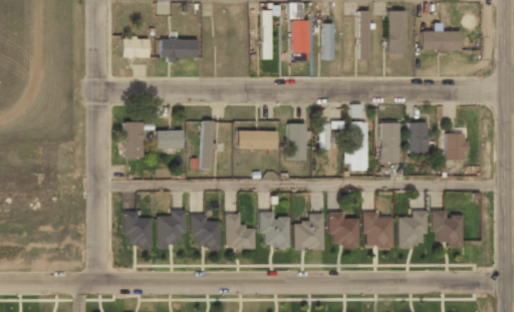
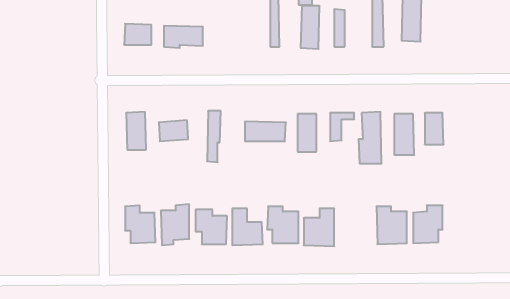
building: [422,30,461,51] -> none
building: [446,133,464,160] -> none
building: [432,211,462,248] -> none
building: [328,212,358,247] -> none

